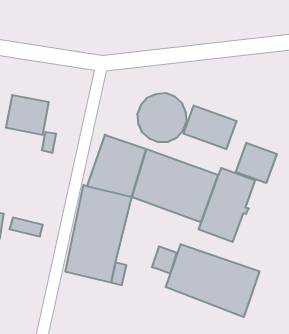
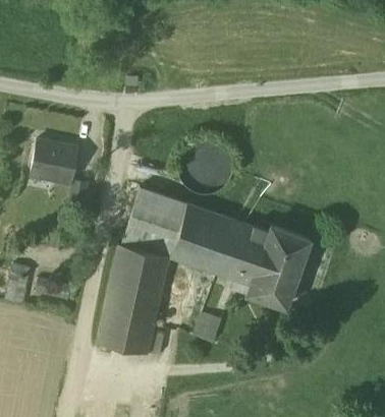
building: [184,105,237,149] -> none
building: [236,143,277,183] -> none
building: [166,244,259,317] -> none

